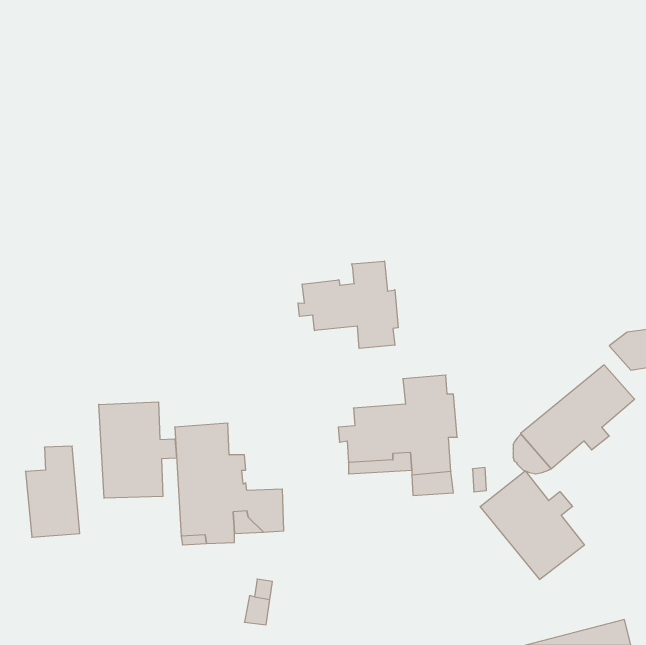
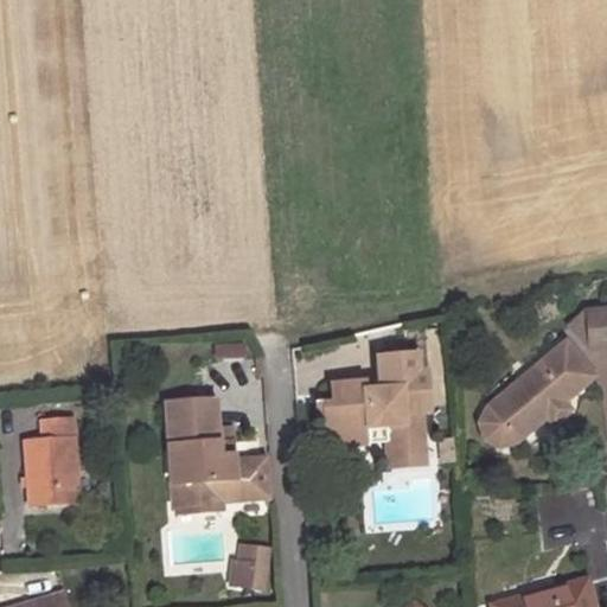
building: [298,261,398,348] -> none
building: [99,402,177,498] -> none
building: [480,471,584,580] -> none

